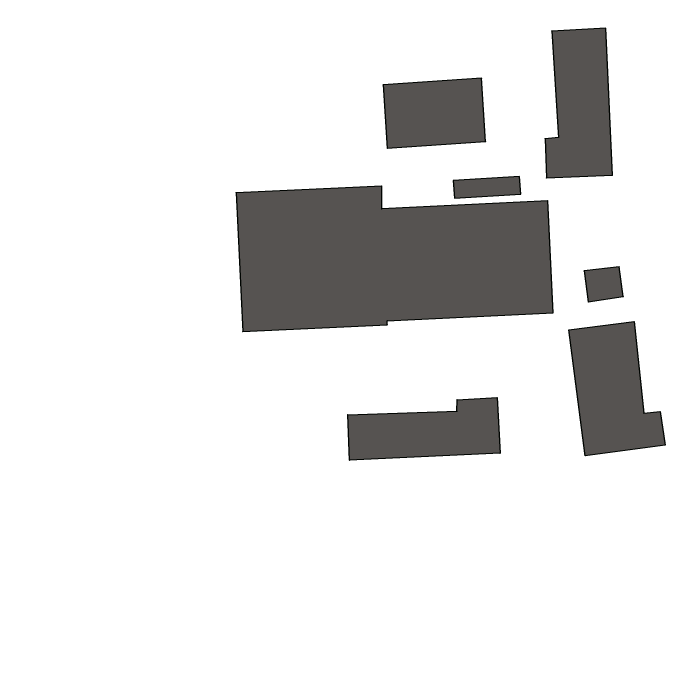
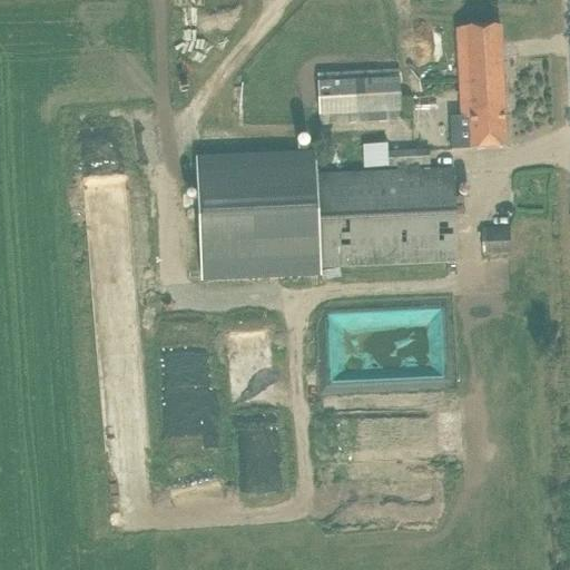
building: [569,322,665,456] -> none
building: [348,398,500,460] -> none

